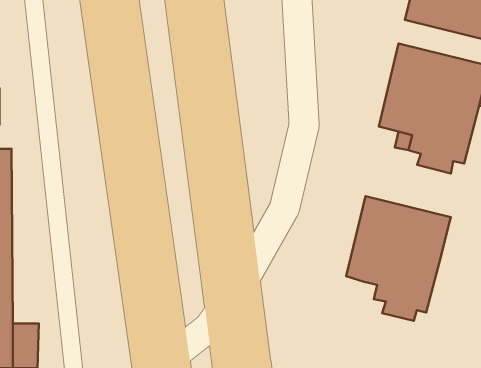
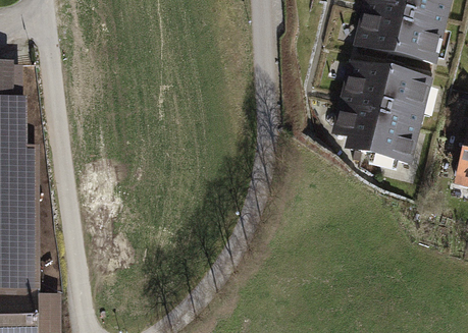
building: [346,196,451,321] -> none

